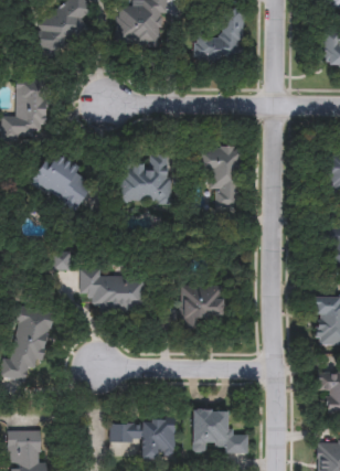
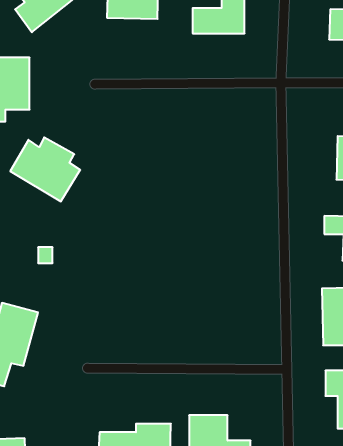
building: [196,146,237,207] -> none
building: [119,154,171,203] -> none
building: [79,269,144,311] -> none
building: [182,287,222,318] -> none

